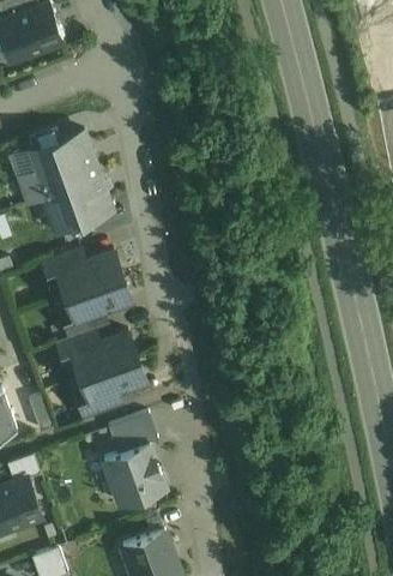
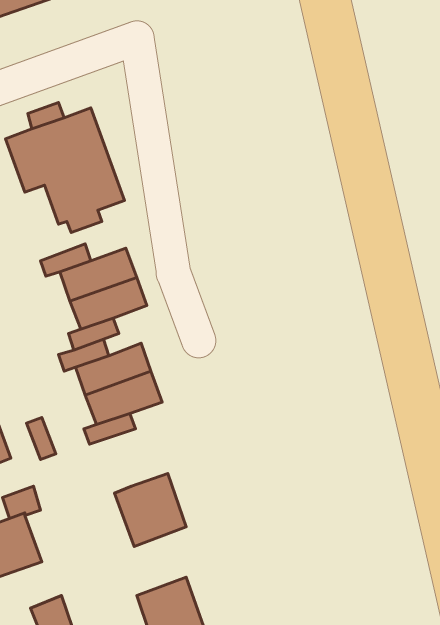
building: [109,414,158,455] -> none

